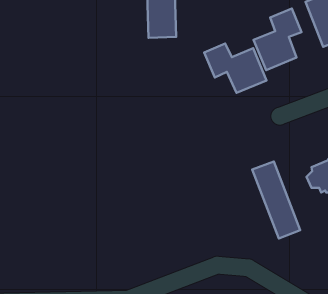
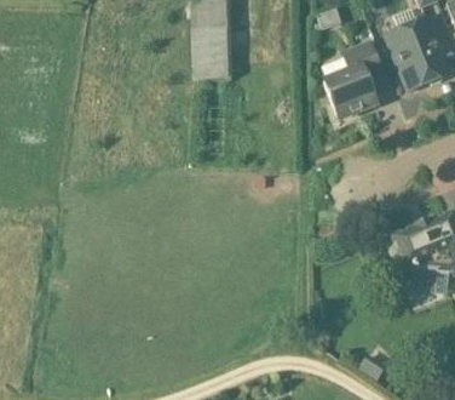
building: [204,43,267,93] -> none
building: [252,162,300,238] -> none

